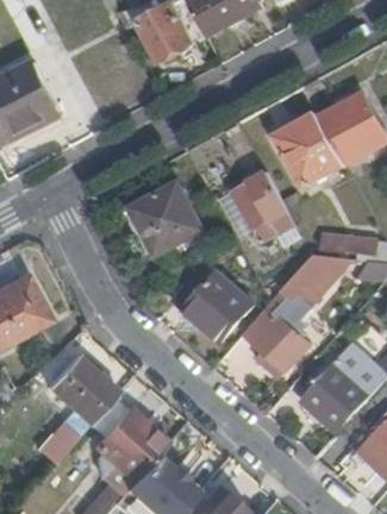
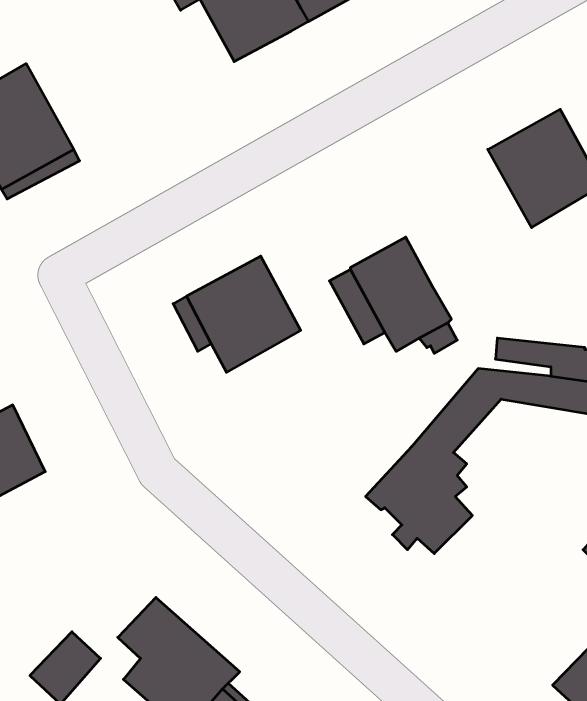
building: [275,113,345,189] -> none
building: [173,263,252,340] -> none
building: [46,355,114,424] -> none
building: [301,361,372,431] -> none

